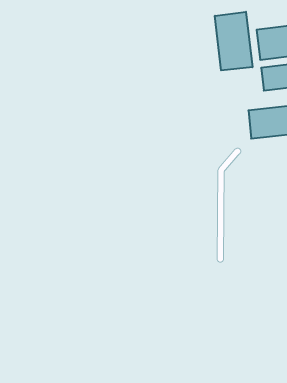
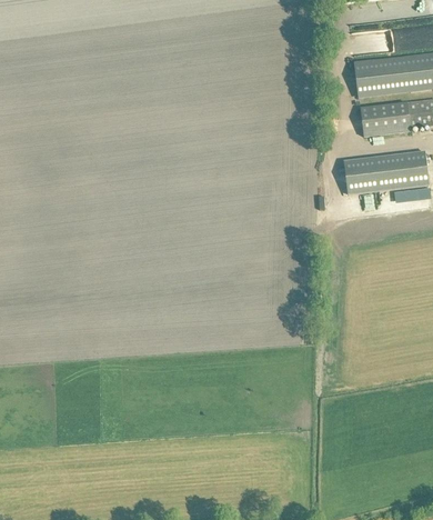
building: [215,12,252,70] -> none

